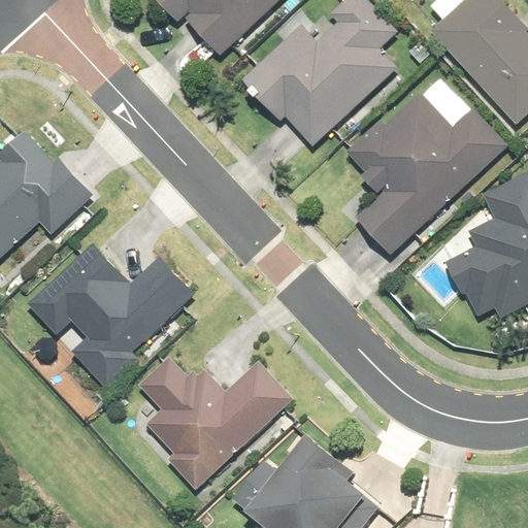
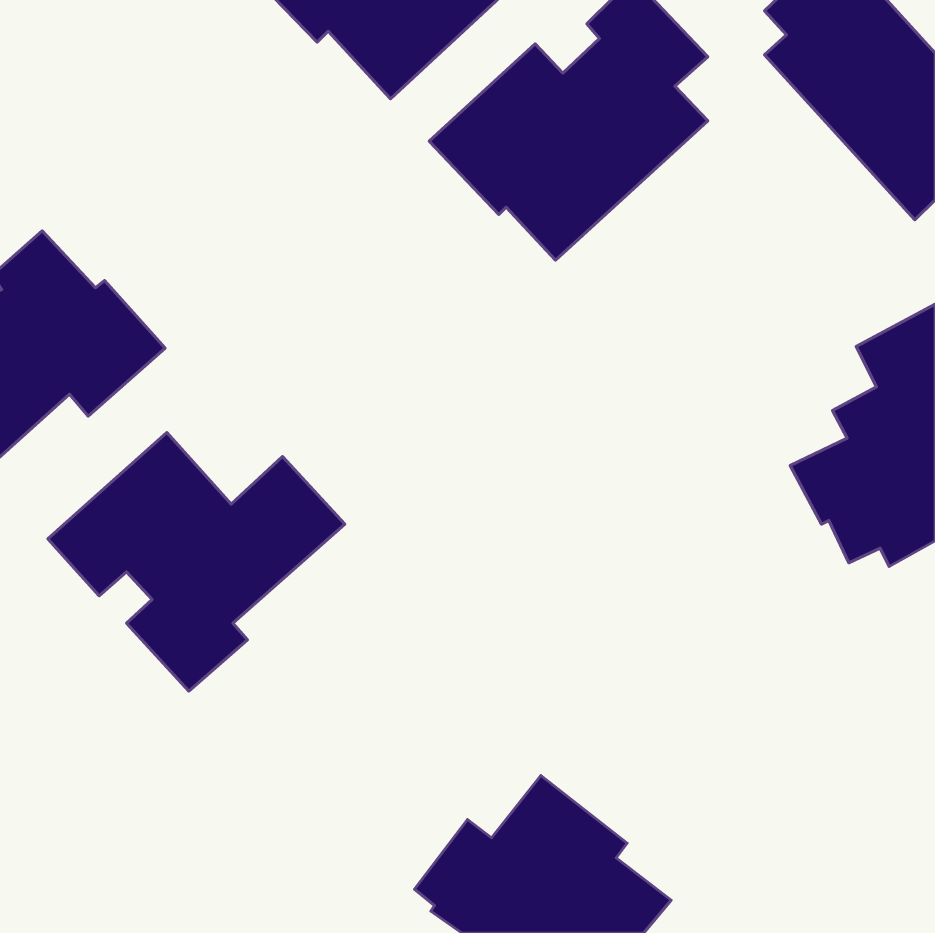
building: [345,78,507,255] -> none
building: [138,357,294,490] -> none

